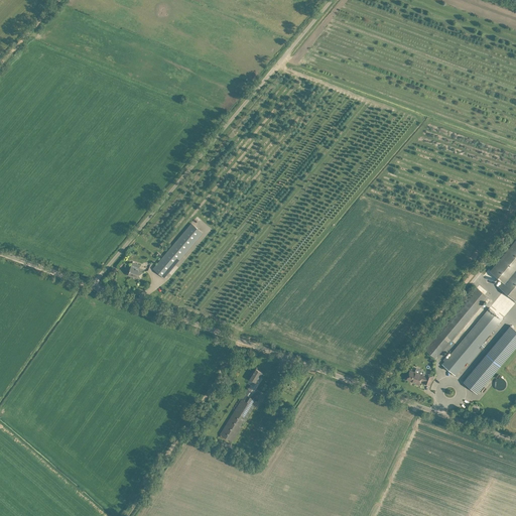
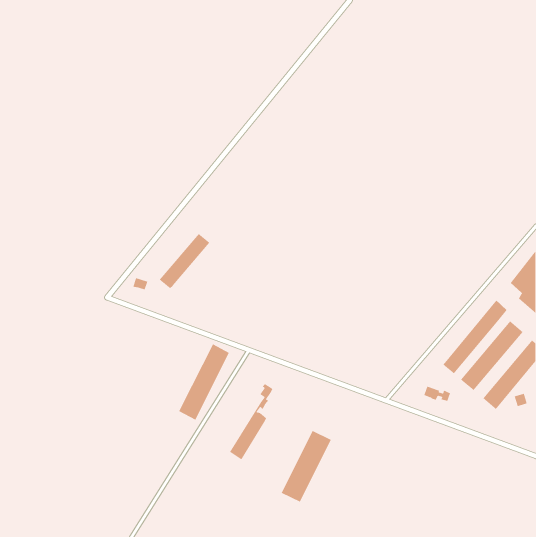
building: none -> [179,344,229,421]
building: none -> [281,430,332,503]

